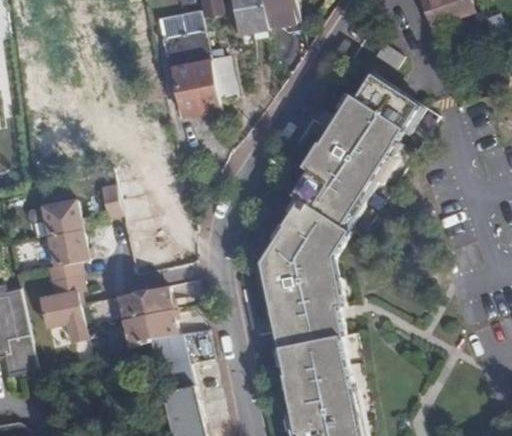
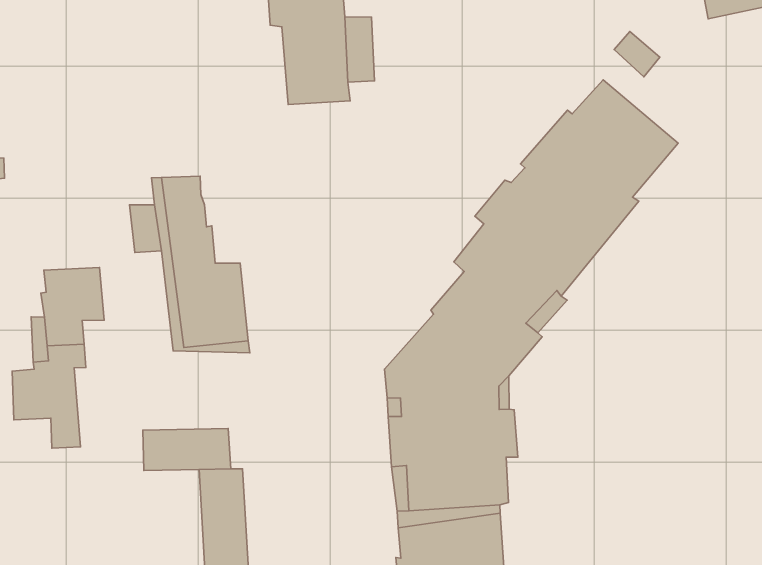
building: [41,197,81,232] -> none
building: [115,286,171,320] -> none

